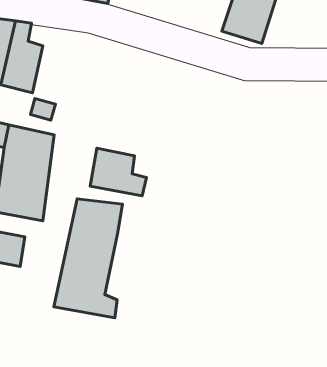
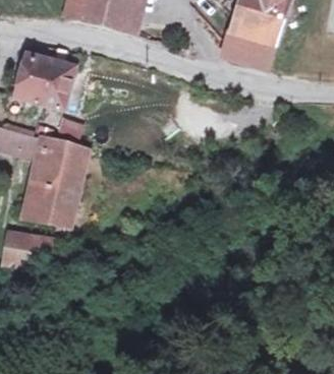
building: [90,148,147,196] -> none
building: [54,199,122,318] -> none

